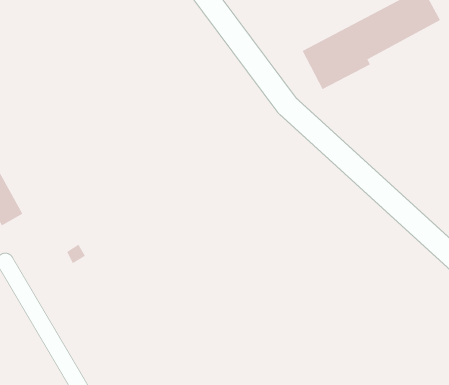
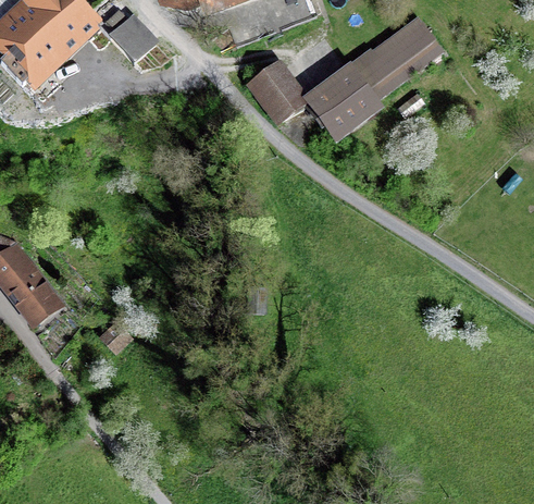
building: none -> [254,69,301,118]

